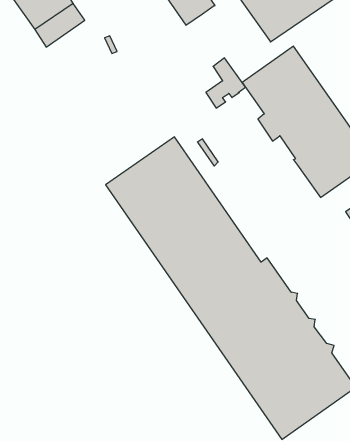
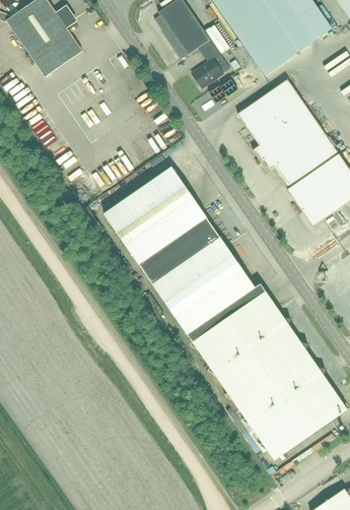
building: [206,58,245,108] -> [192,40,230,88]

